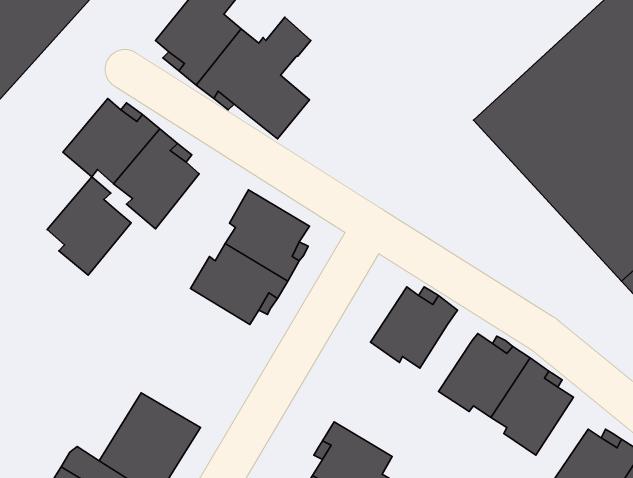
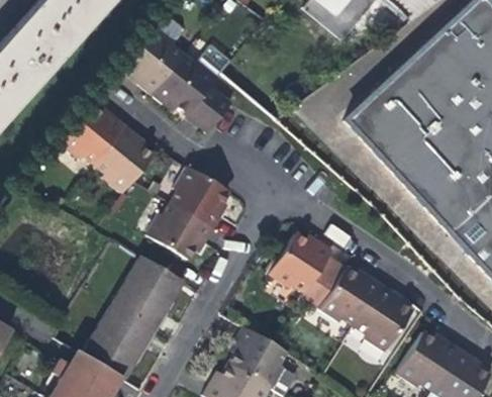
building: [47,177,131,275] -> none
building: none -> [112,260,184,332]
building: none -> [303,261,342,307]

